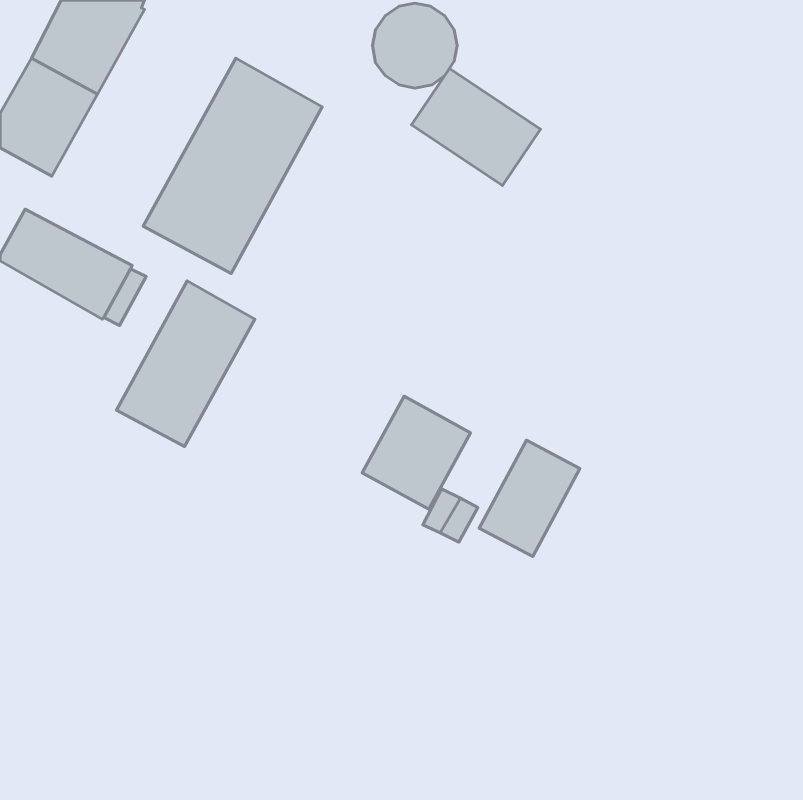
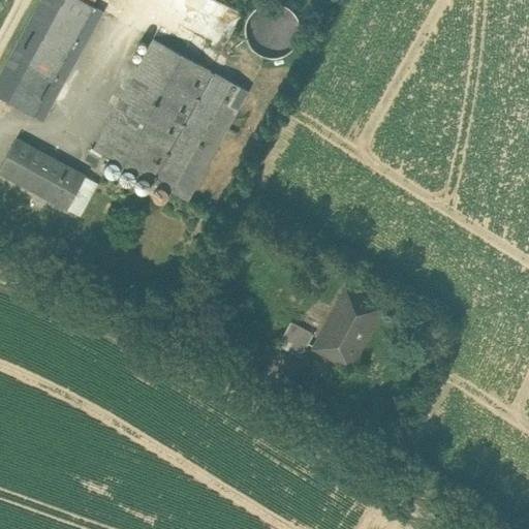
building: [411,68,540,185] -> none
building: none -> [152,72,247,201]
building: [116,281,255,447] -> none
building: [362,396,470,509] -> none

